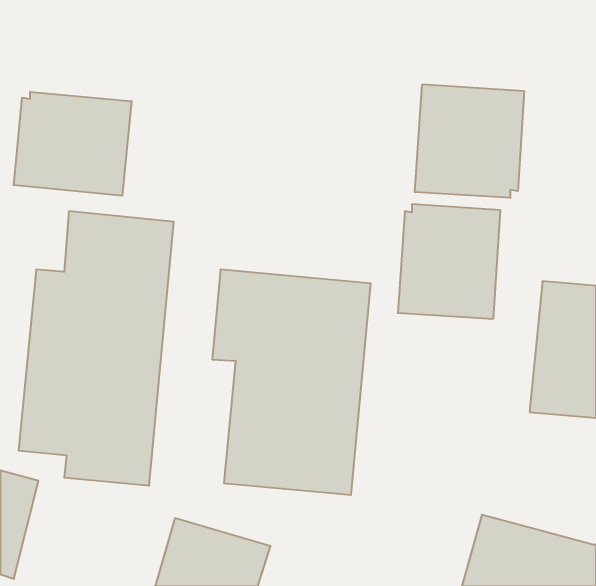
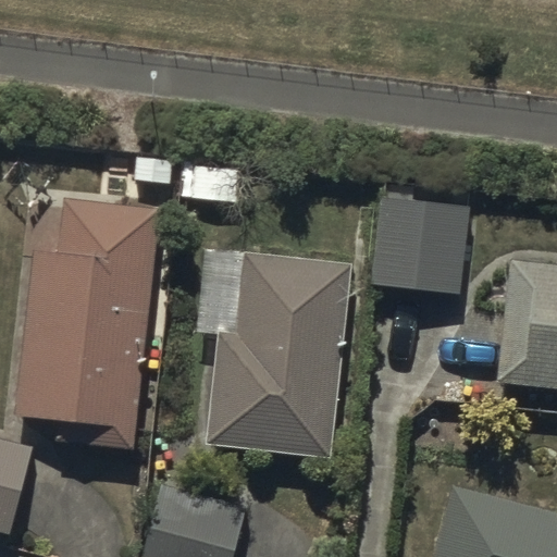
building: [415,84,524,198] -> none
building: [14,92,132,196] -> none

